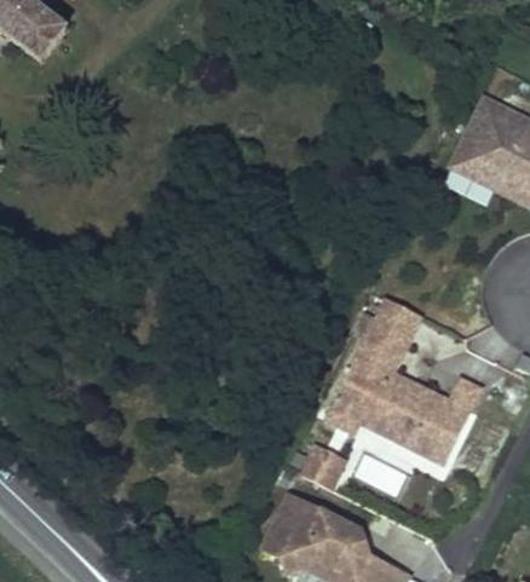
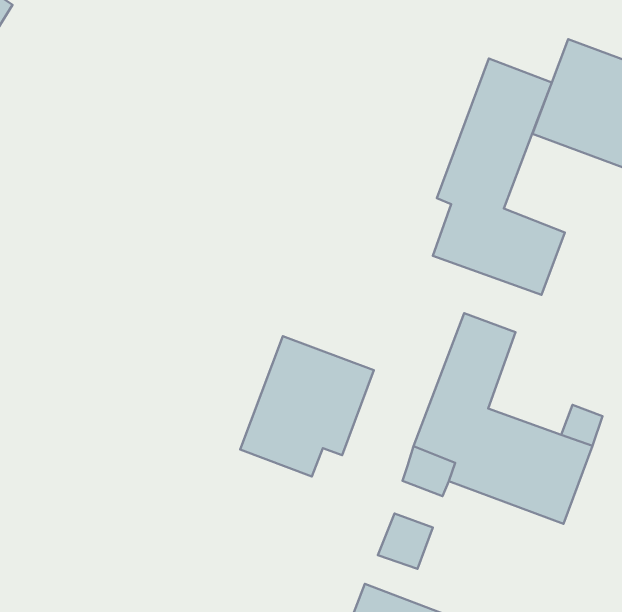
building: none -> [433,59,565,295]
building: none -> [240,336,374,476]

